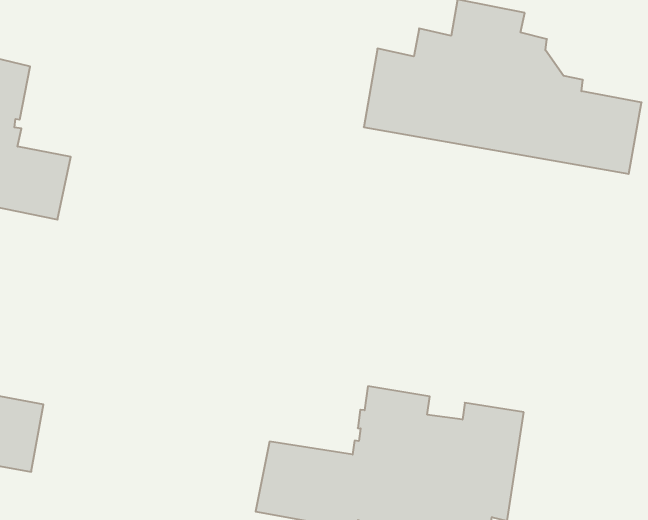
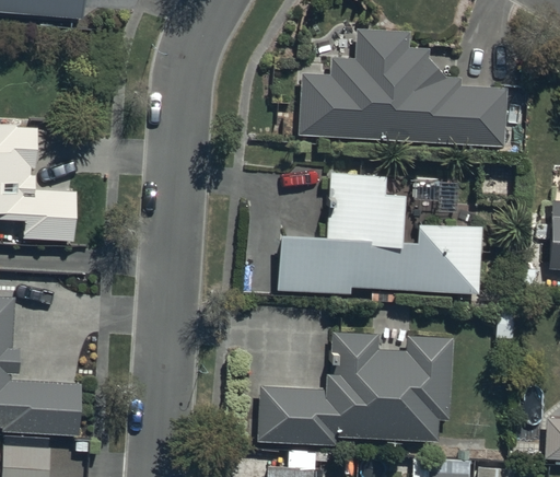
building: none -> [277,172,481,295]

